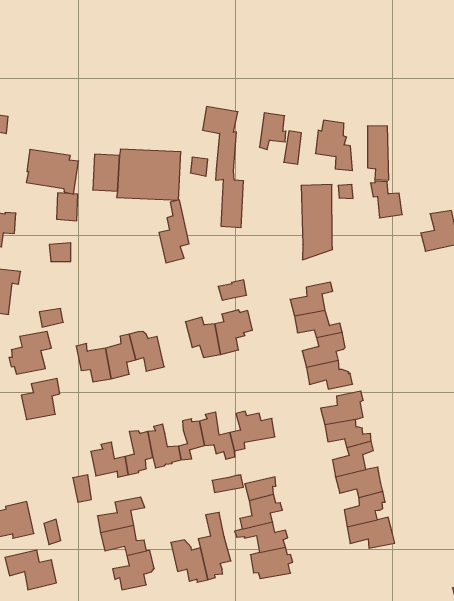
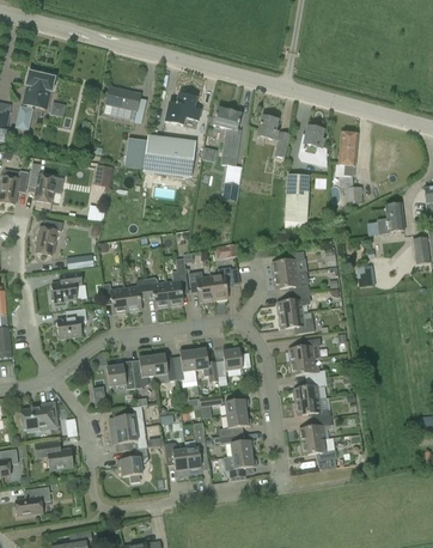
building: none -> [165,93,199,124]
building: [26,150,79,194] -> [104,86,146,123]
building: [159,200,189,263] -> [165,257,188,305]

